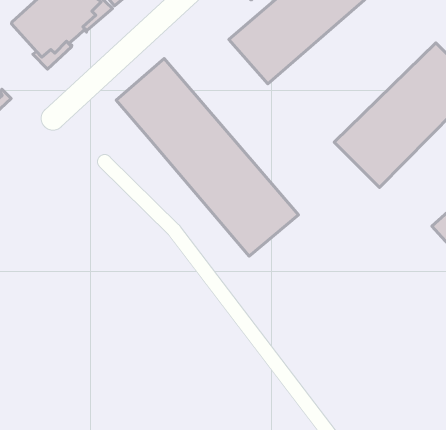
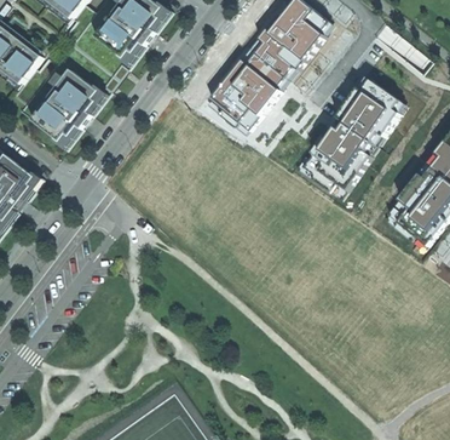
building: [116,59,299,256] -> none

